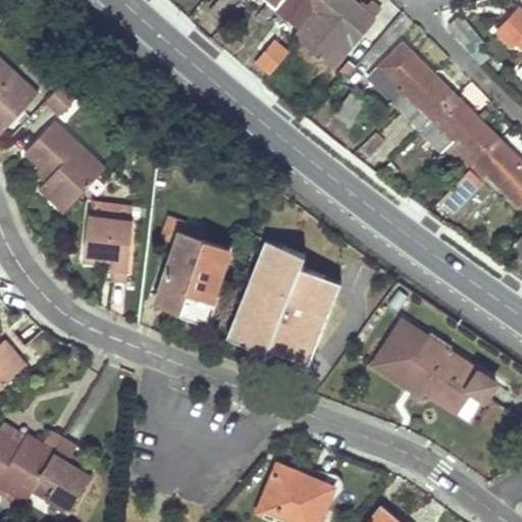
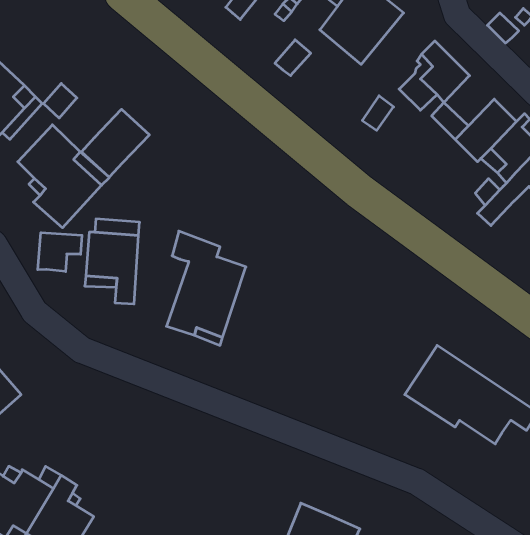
building: [410,73,456,119] -> none
building: none -> [82,109,149,177]
building: none -> [38,233,82,272]
building: [223,239,338,374] -> none

